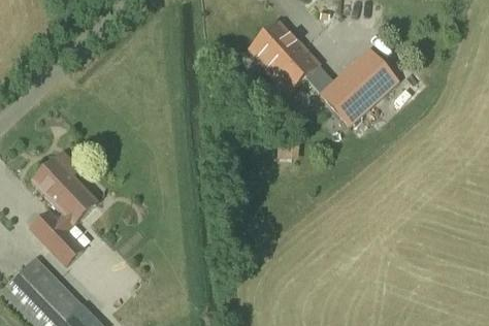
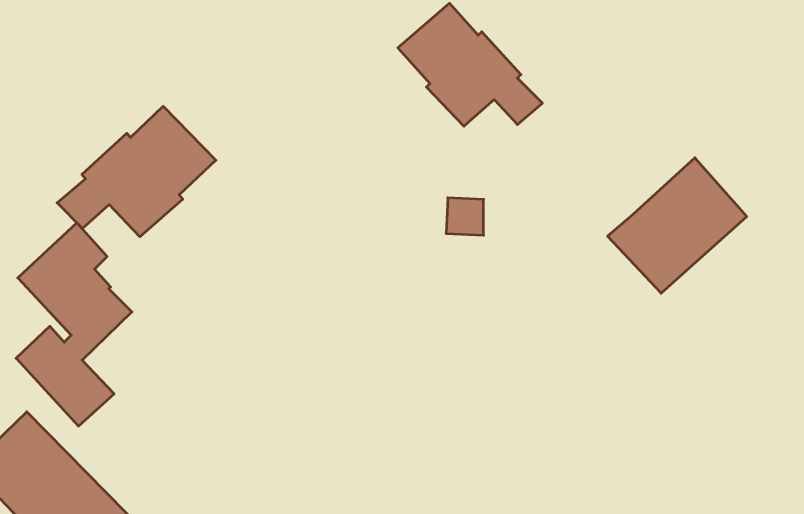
building: [319,46,399,125] -> [608,158,747,293]
building: none -> [57,106,216,237]

